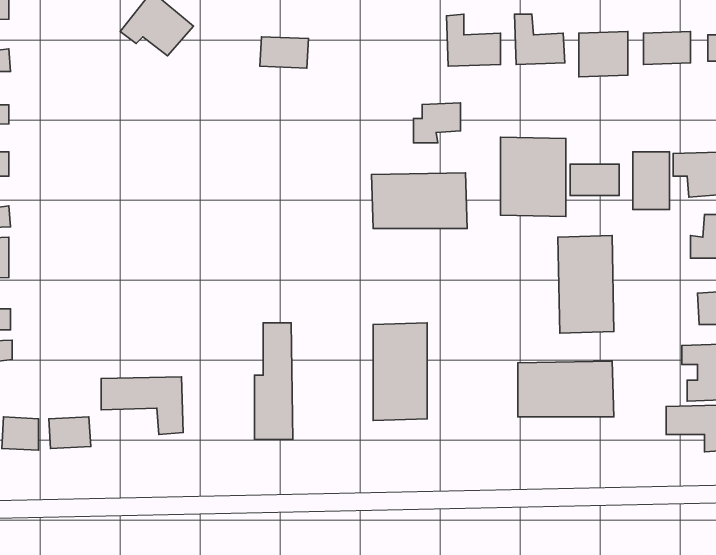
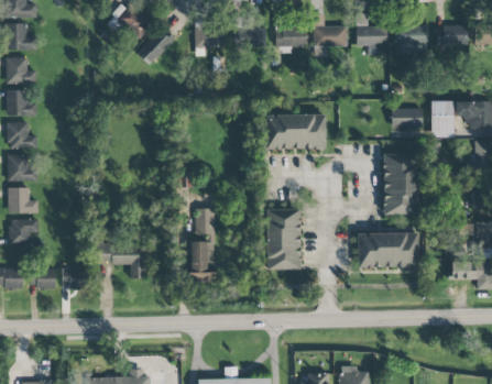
building: none -> [231,28,266,48]
building: none -> [136,29,173,66]
building: [413,103,460,143] -> [276,28,306,53]
building: [501,137,566,217] -> none

